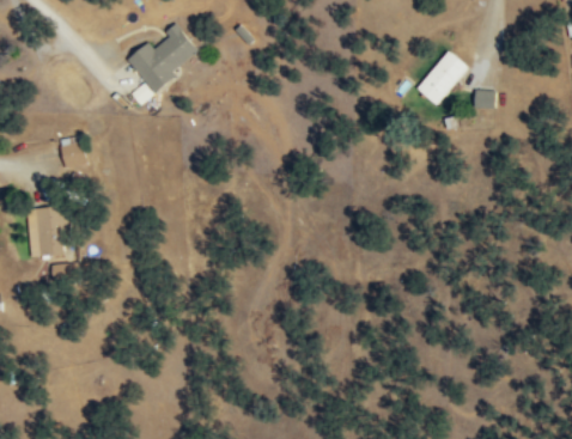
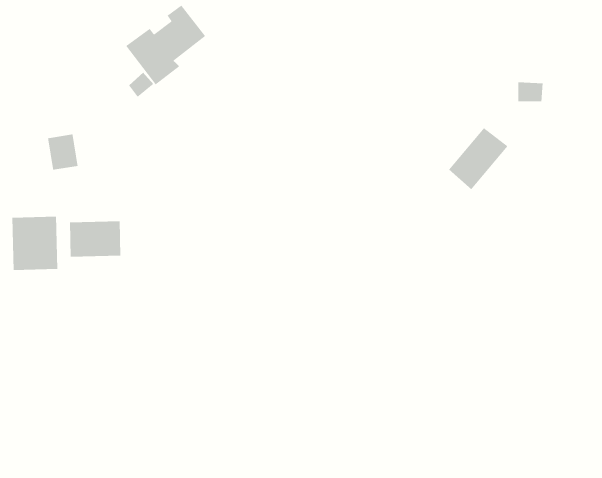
building: [413,50,465,105] -> [448,127,509,190]
building: none -> [69,221,121,258]

